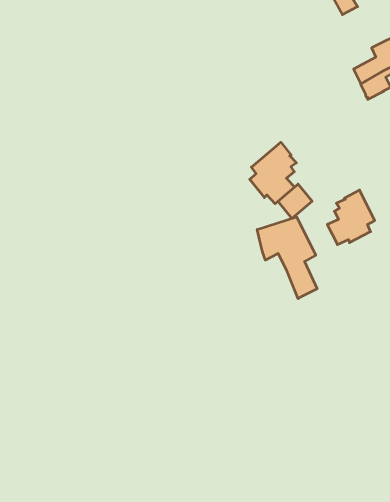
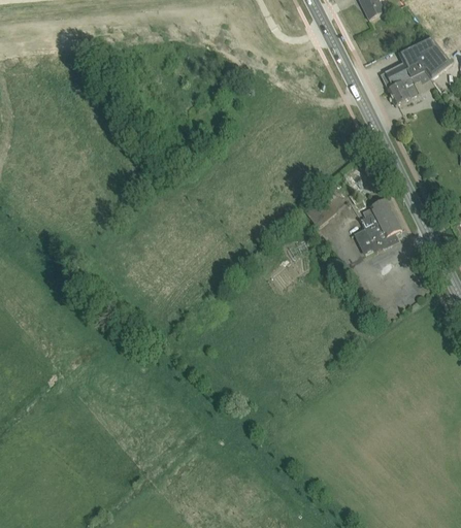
building: [250,142,296,204] -> none
building: [257,217,317,299] -> none

